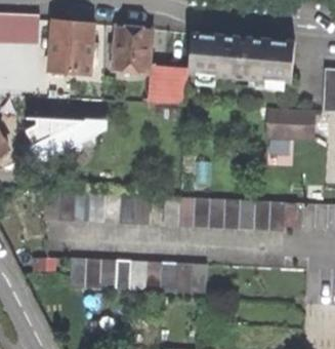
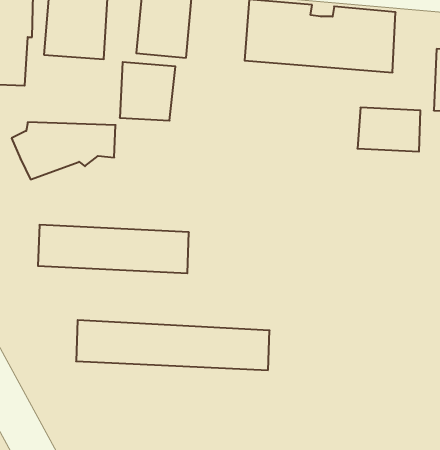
building: [150,63,189,104] -> [120,62,175,121]
building: [163,195,296,230] -> none

